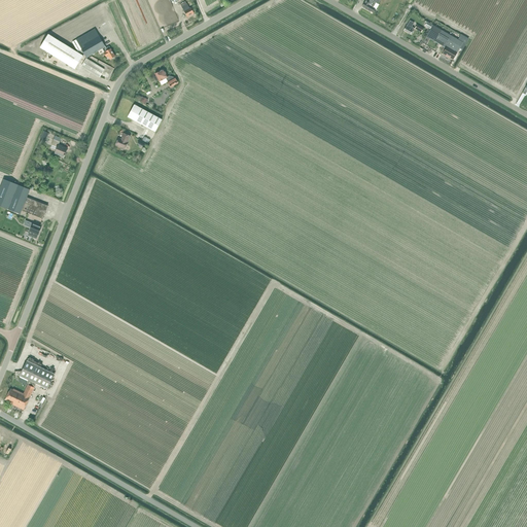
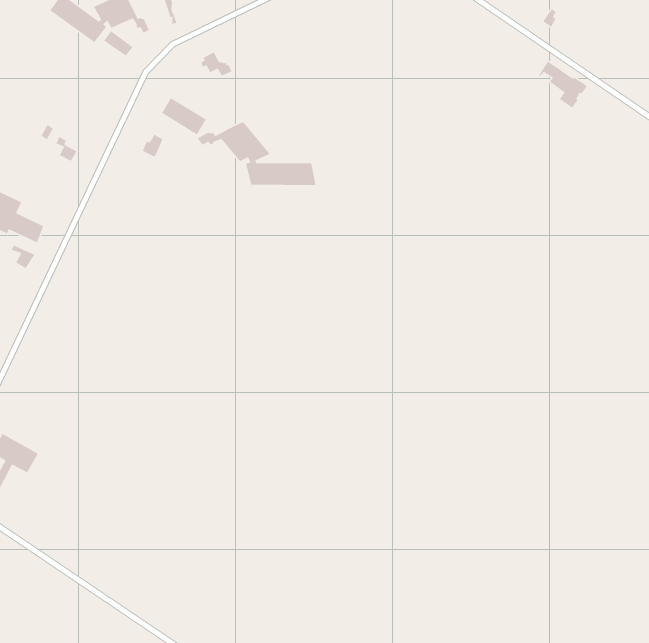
building: [425,25,462,59] -> [538,61,588,108]
building: none -> [196,121,317,186]

